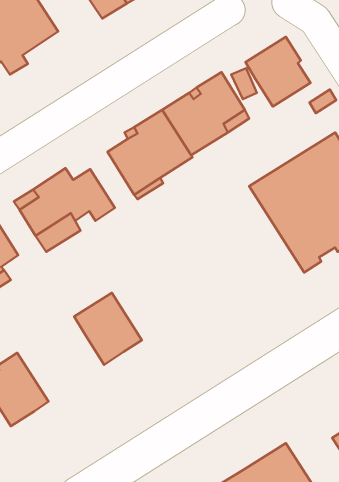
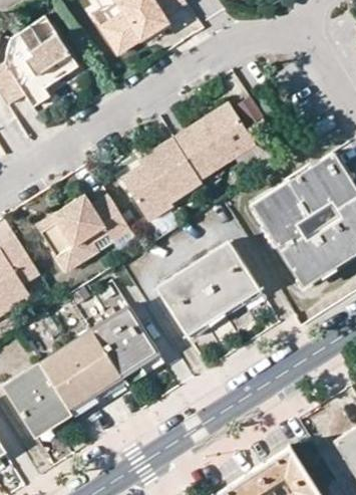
building: [245,37,310,107] -> none
building: none -> [158,245,261,337]
building: none -> [38,330,120,410]

